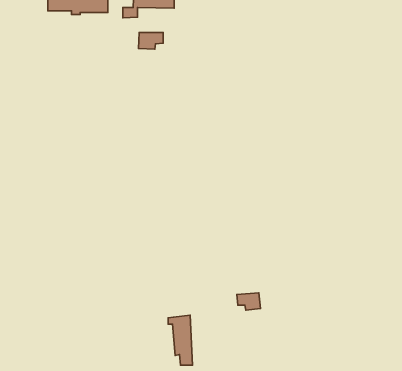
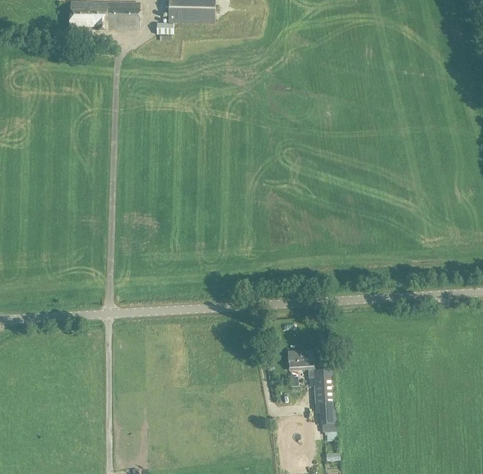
building: [139,32,163,49] -> none
building: [168,315,193,365] -> [306,367,334,424]

